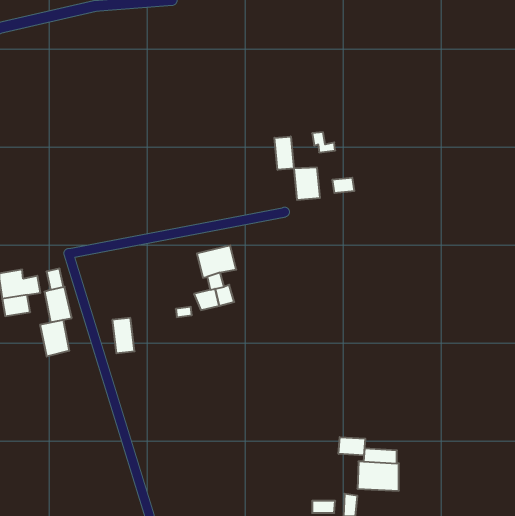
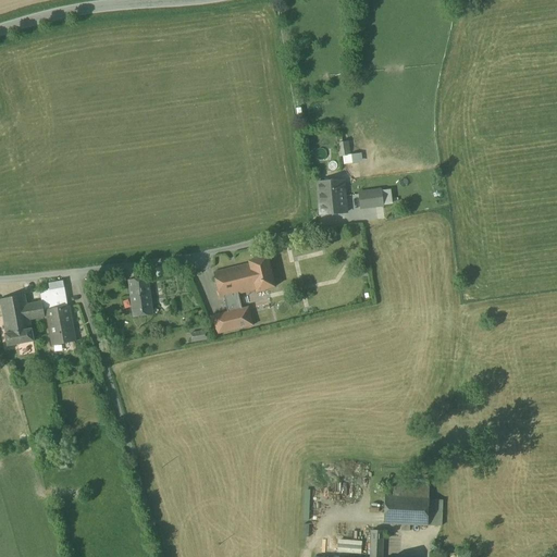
building: [274,136,294,170] -> none
building: none -> [248,256,274,293]
building: [112,318,135,353] -> [127,278,151,317]
building: [40,320,69,357] -> none
building: [339,437,365,455] -> none

